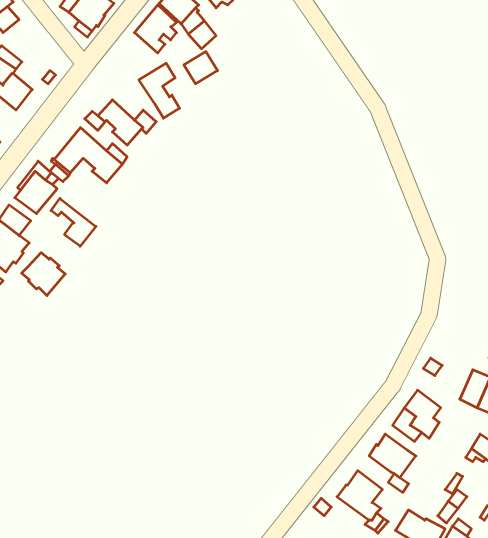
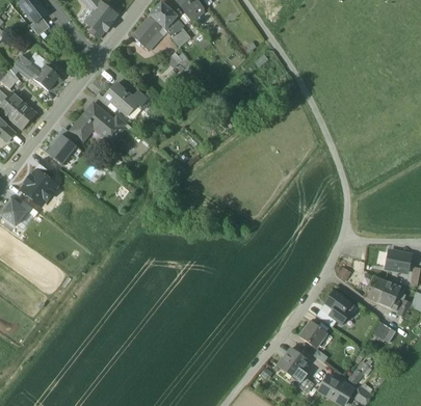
building: [139,63,180,118] -> none
building: [51,198,96,246] -> none
building: [22,253,65,296] -> none

